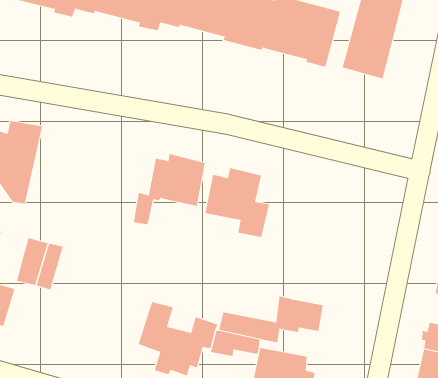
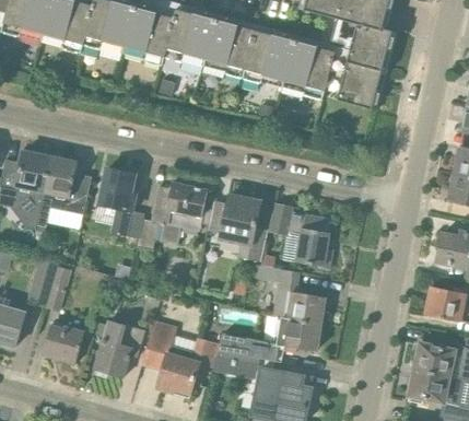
building: none -> [36,155,92,226]
building: none -> [98,168,143,238]
building: none -> [269,203,332,270]
building: none -> [258,266,325,326]
building: none -> [94,320,144,377]
building: none -> [43,324,84,364]

